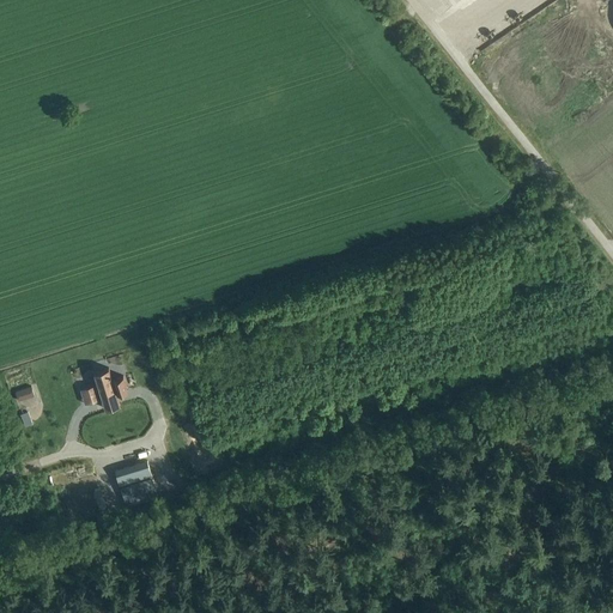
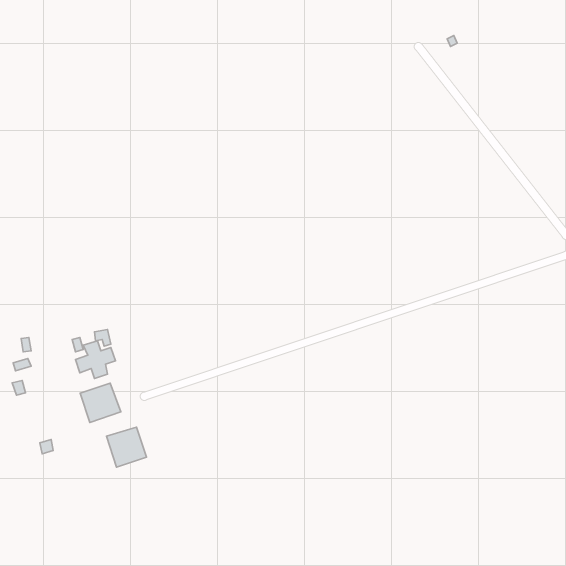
building: none -> [80,383,121,422]

